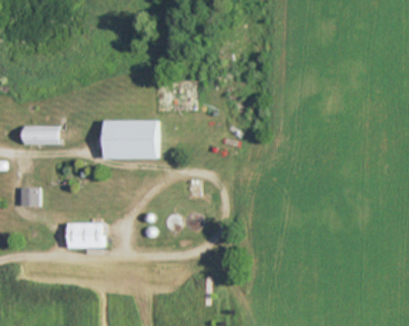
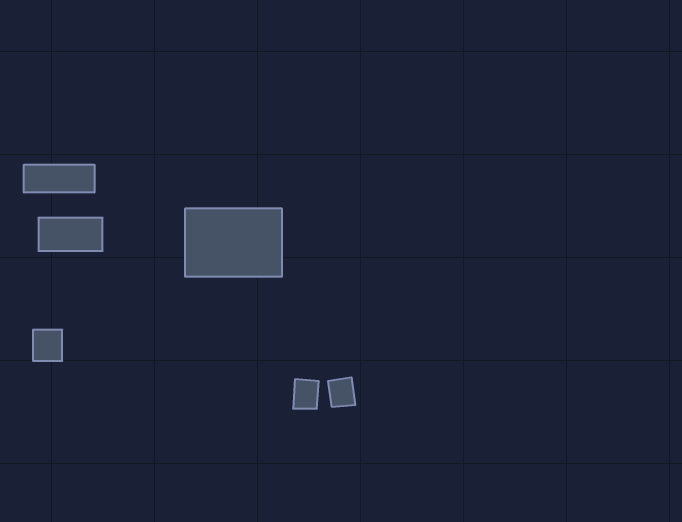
building: none -> [24,165,94,193]
building: [66,222,103,248] -> none

